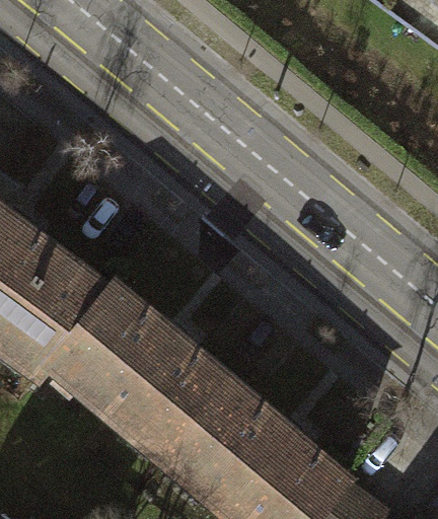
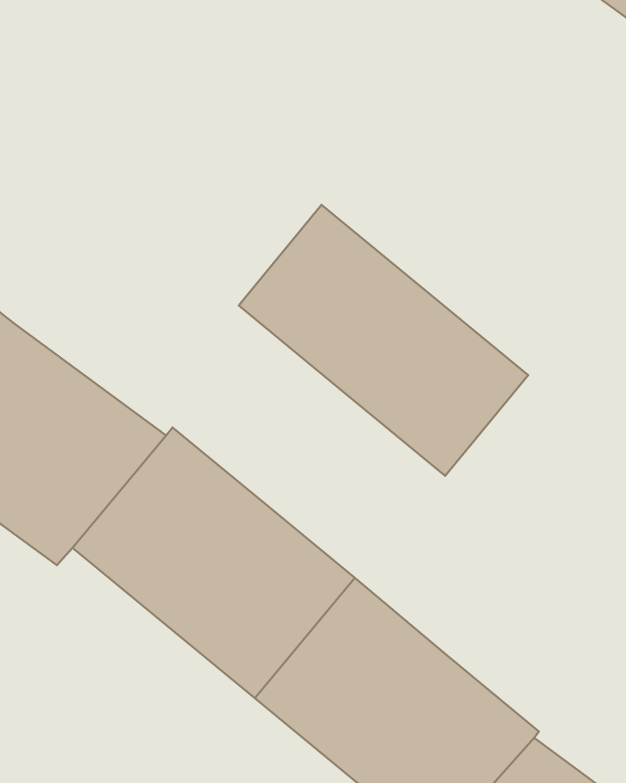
building: none -> [239,205,528,476]

